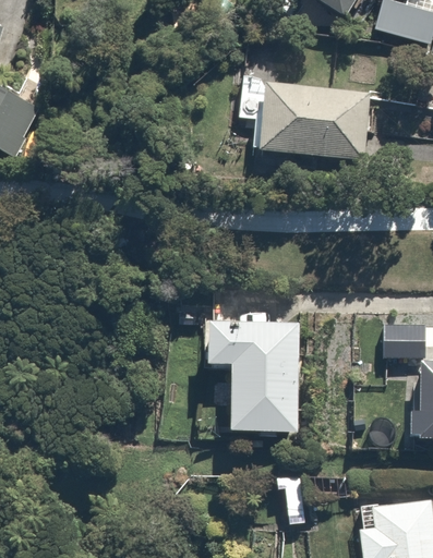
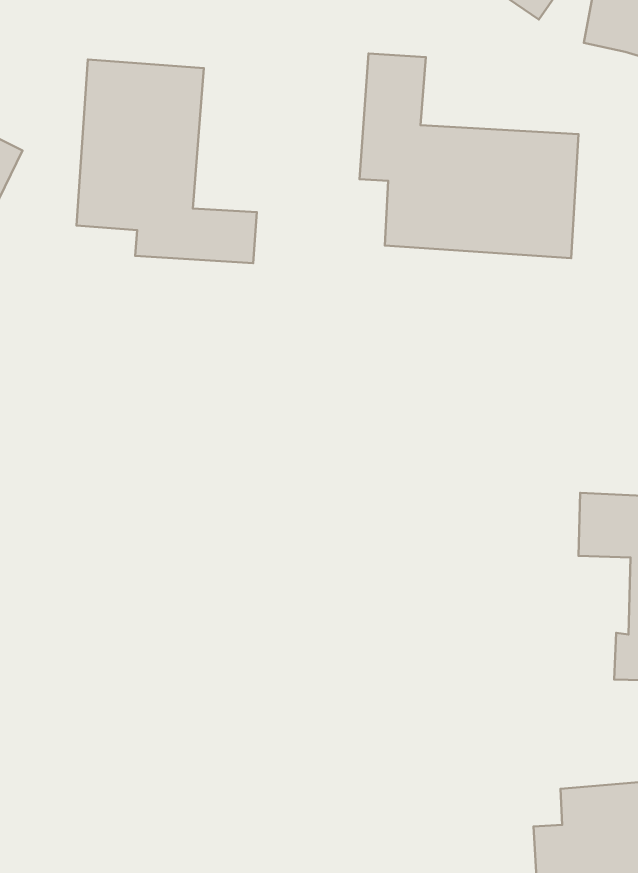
building: none -> [77,59,257,263]
building: [199,306,296,422] -> none

